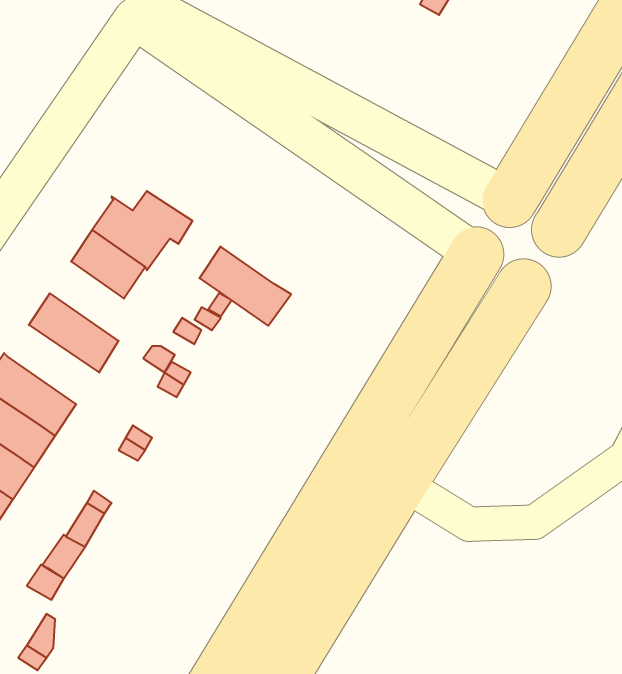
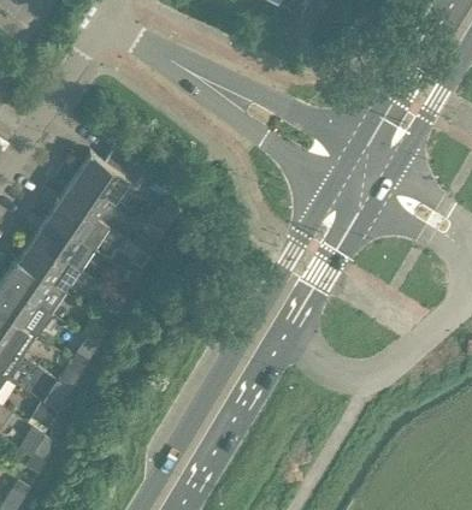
building: [199,246,291,326] -> [46,197,108,251]
building: none -> [17,241,79,295]

